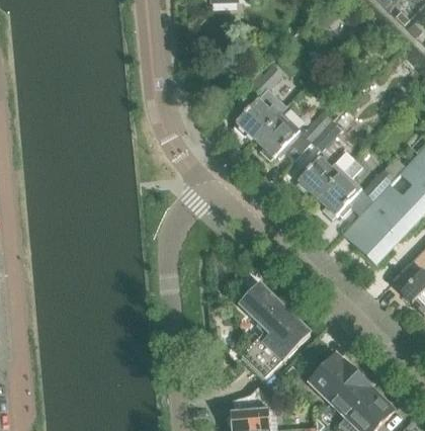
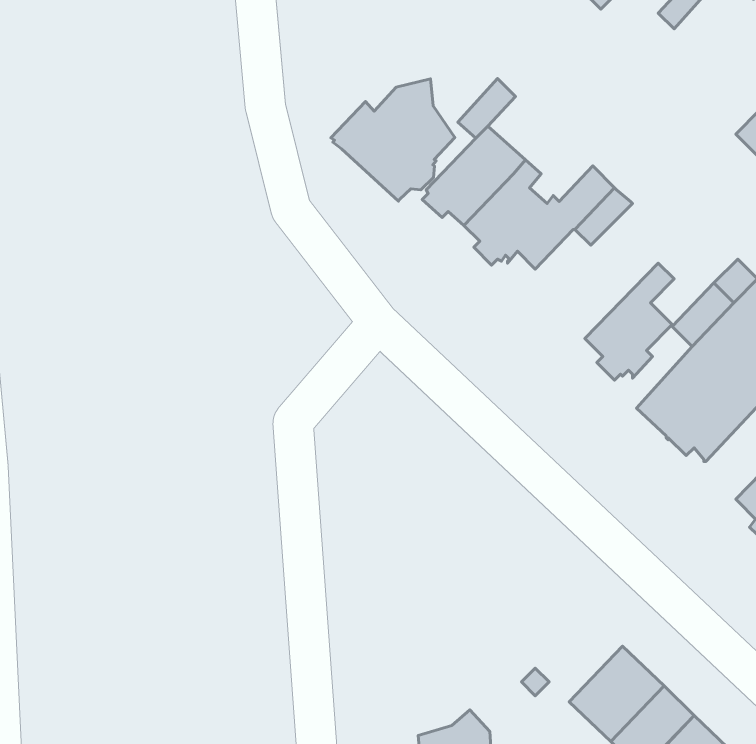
building: none -> [331,79,455,201]
building: [298,152,355,197] -> none
building: [241,284,311,378] -> none

